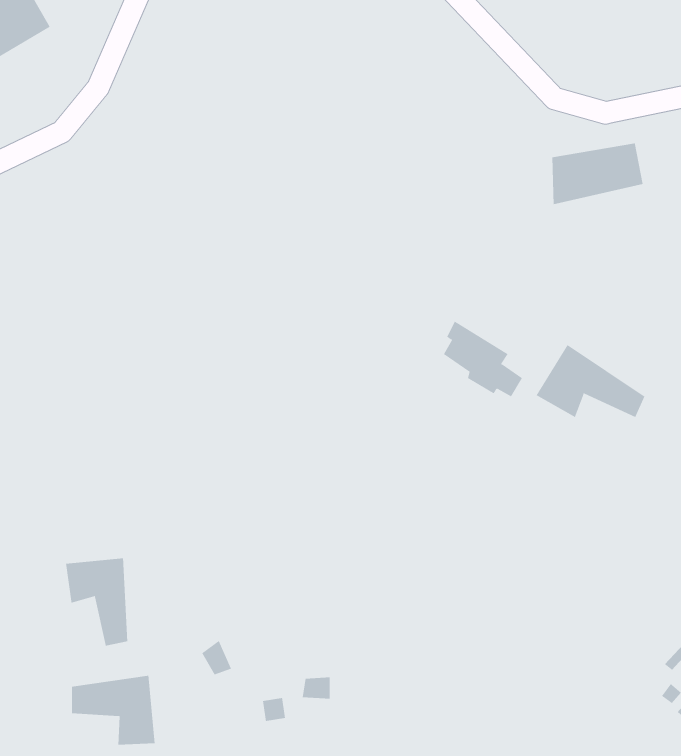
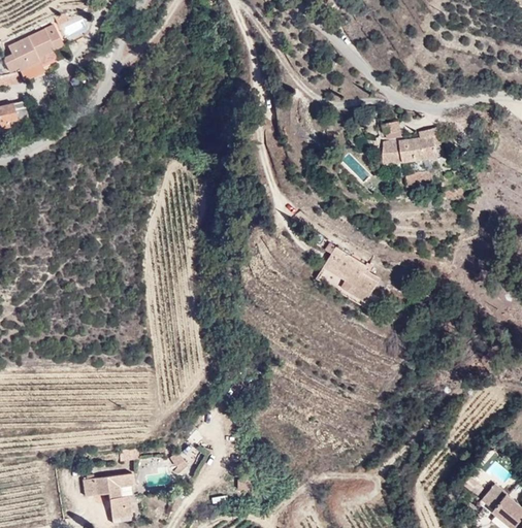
building: [536,344,645,418] -> none
building: [66,558,128,646] -> none

